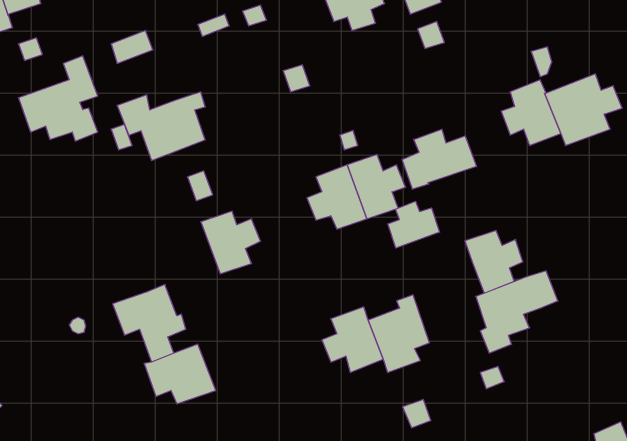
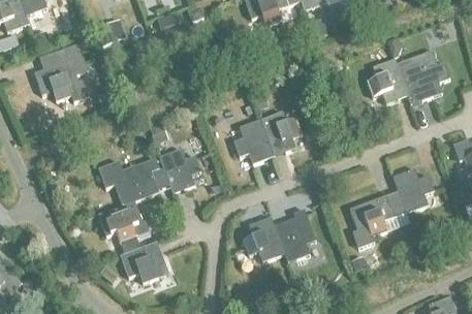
building: [117,92,205,161] -> [98,157,159,205]
building: [402,129,476,189] -> none
building: [388,201,440,248] -> none
building: [465,230,523,293] -> [392,167,433,211]

